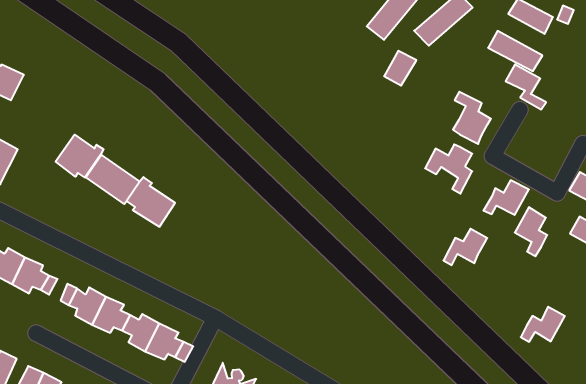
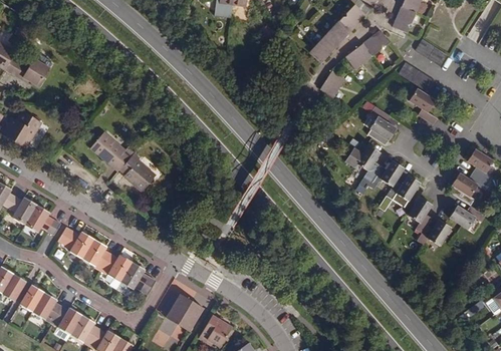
building: [56,135,104,177] -> none
building: [443,229,487,265] -> [368,159,403,186]
building: [521,307,565,342] -> [416,220,450,246]

